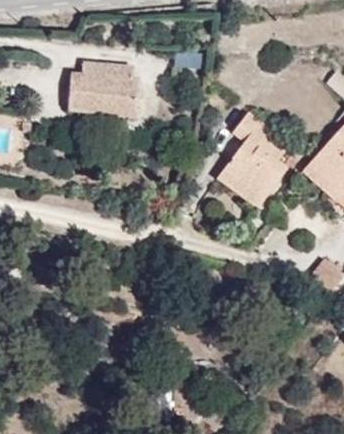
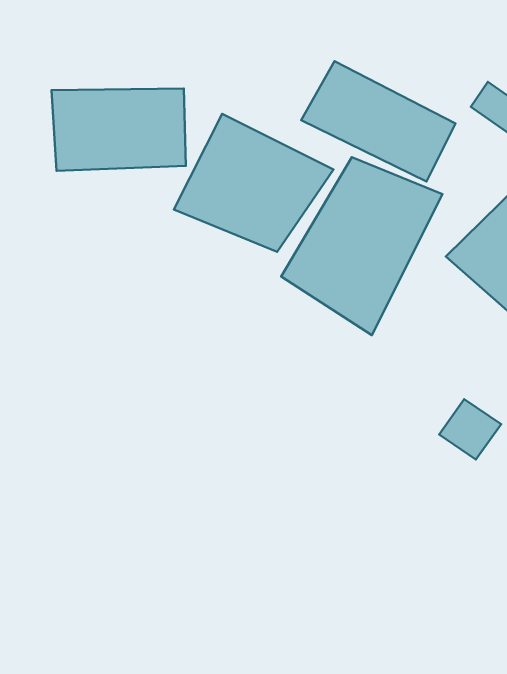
building: none -> [301,61,456,182]
building: none -> [174,114,333,252]

